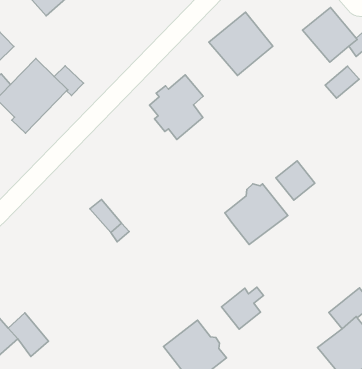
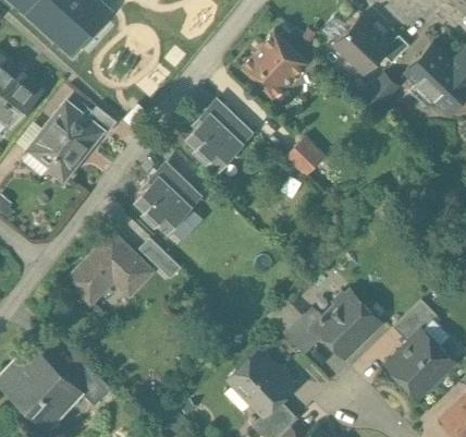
building: none -> [135,166,192,232]
building: [276,161,315,200] -> [285,137,326,178]
building: [225,184,288,244] -> [316,293,380,356]
building: none -> [66,233,152,305]

